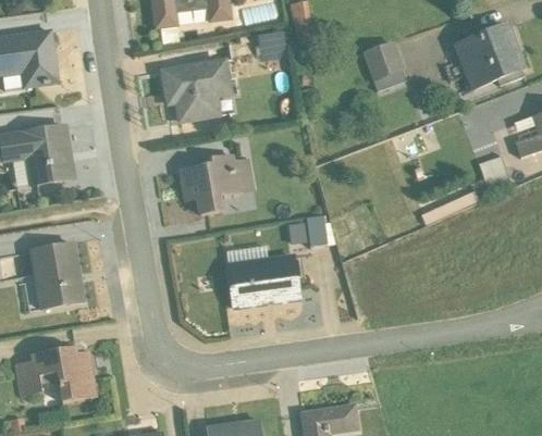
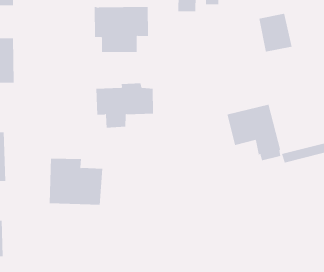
building: none -> [227,104,281,161]
building: [293,214,328,249] -> none
building: [226,246,298,308] -> [49,158,103,205]

